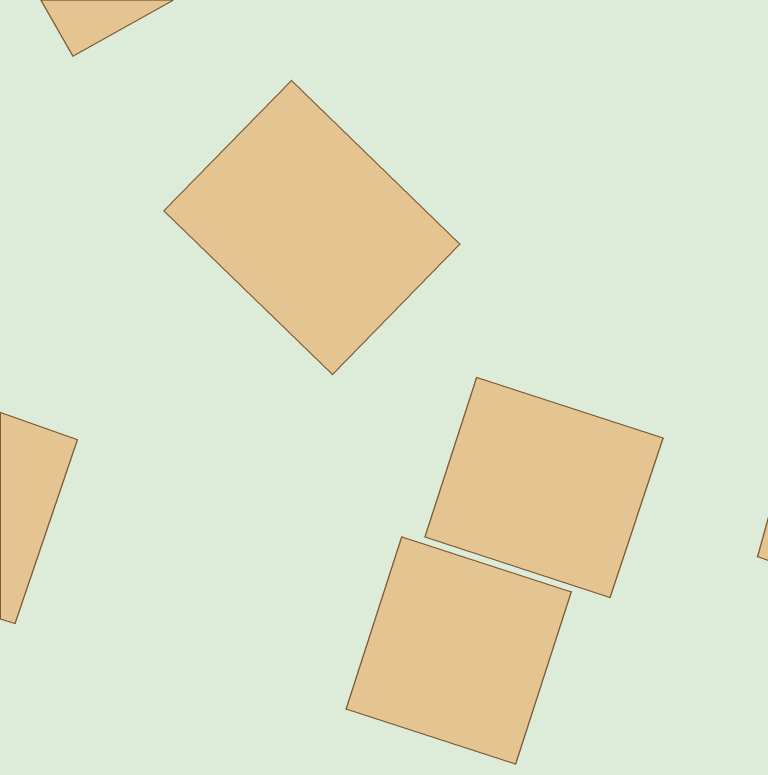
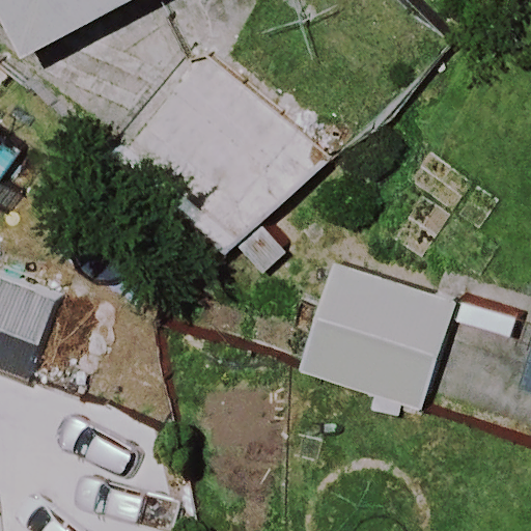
building: [346,537,571,764] -> none

